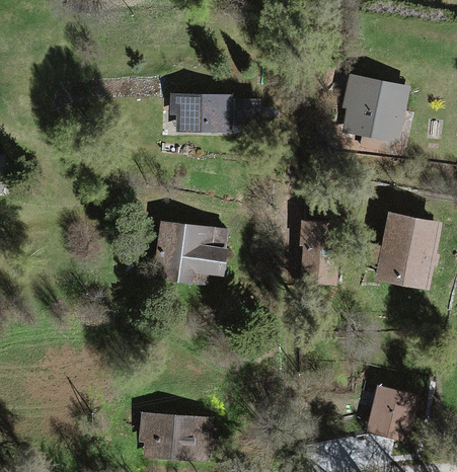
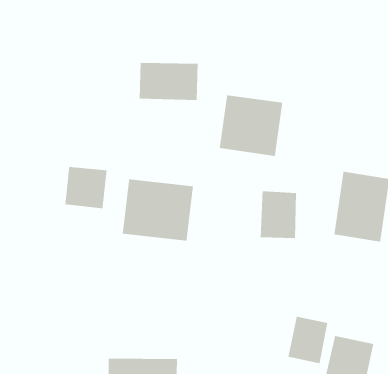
building: [339,75,408,142] -> [219,95,283,157]
building: none -> [64,166,108,209]
building: none -> [287,316,328,364]

